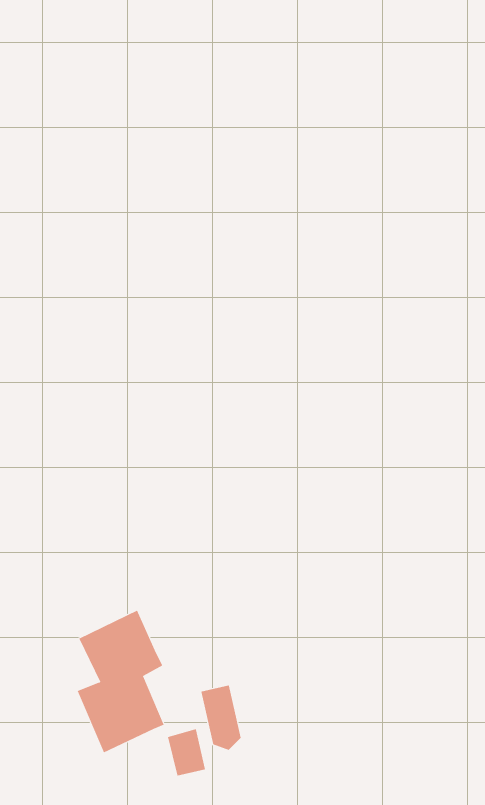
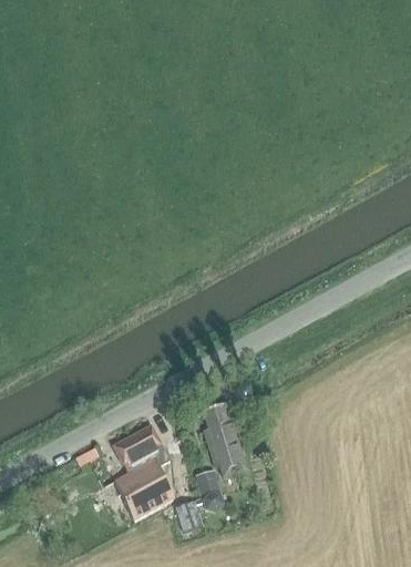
building: none -> [201,404,245,477]

